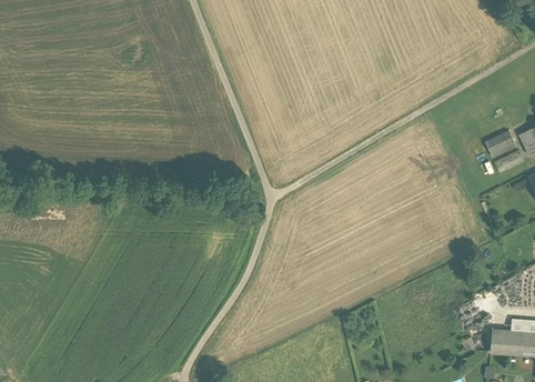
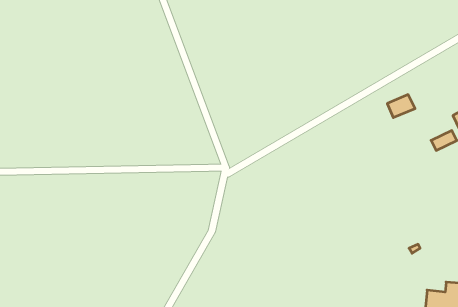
building: [486,131,517,157] -> [387,95,415,118]

